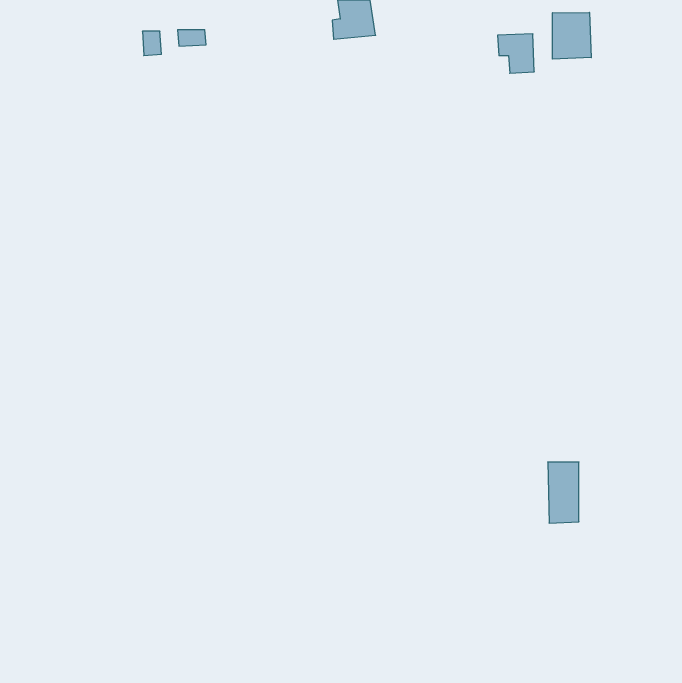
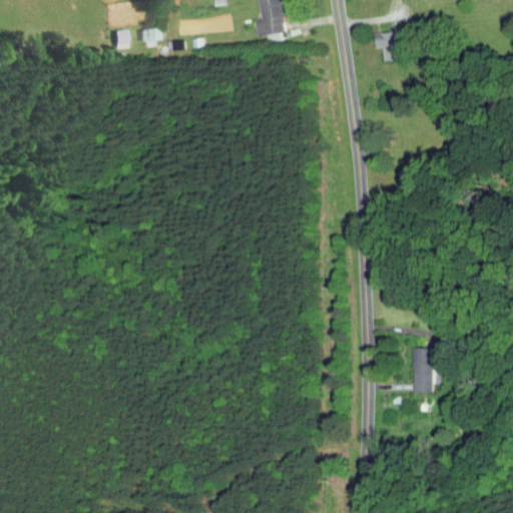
building: [553,12,591,59] -> none

